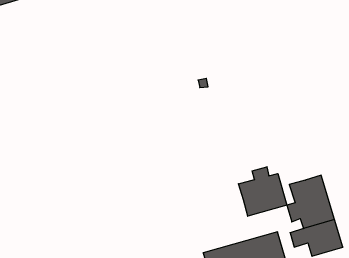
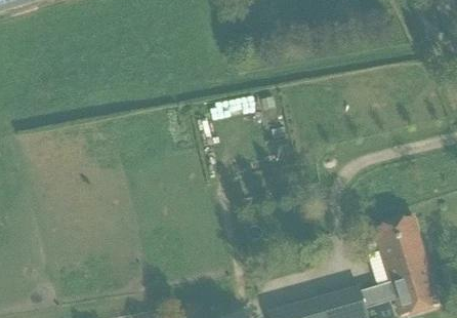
building: [238,167,287,216] -> none

